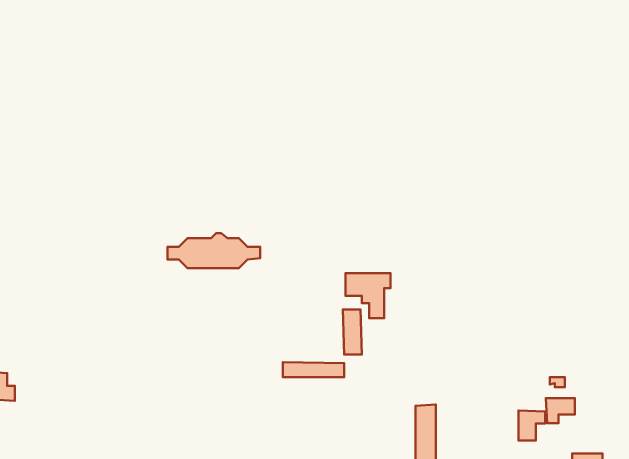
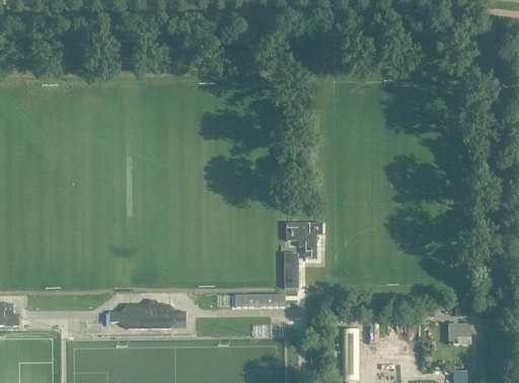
building: [167,233,260,268] -> [110,300,186,328]
building: [519,410,545,440] -> none

